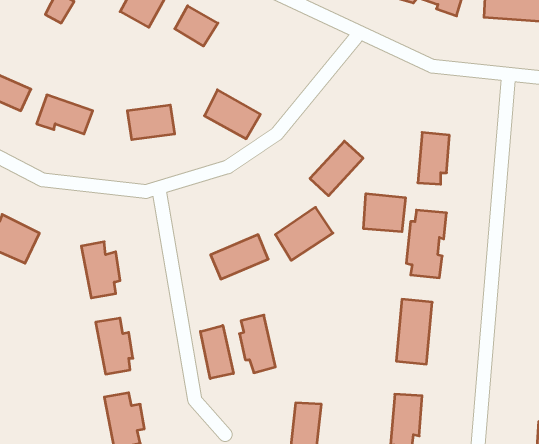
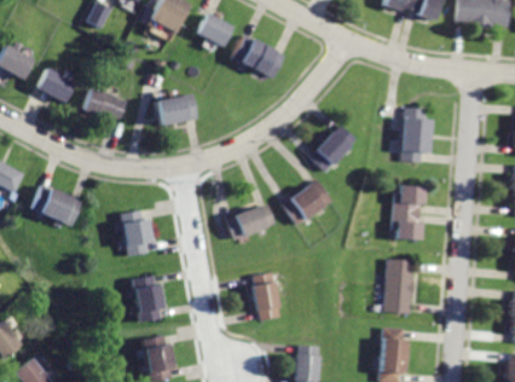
building: [204,90,260,139] -> [237,35,284,76]
building: [364,194,405,232] -> none
building: [200,325,233,379] -> none

